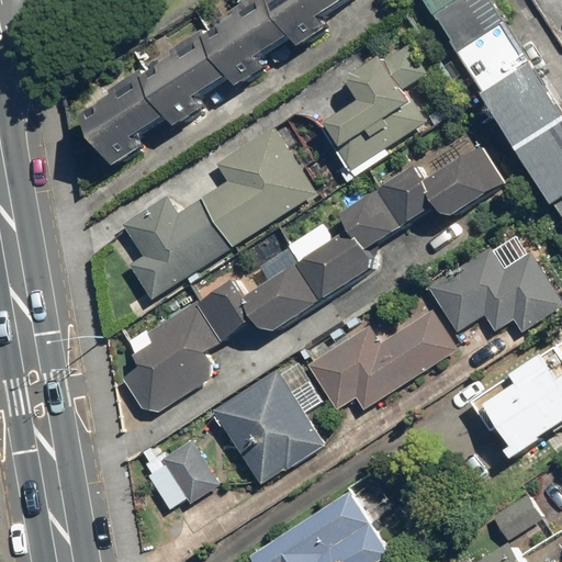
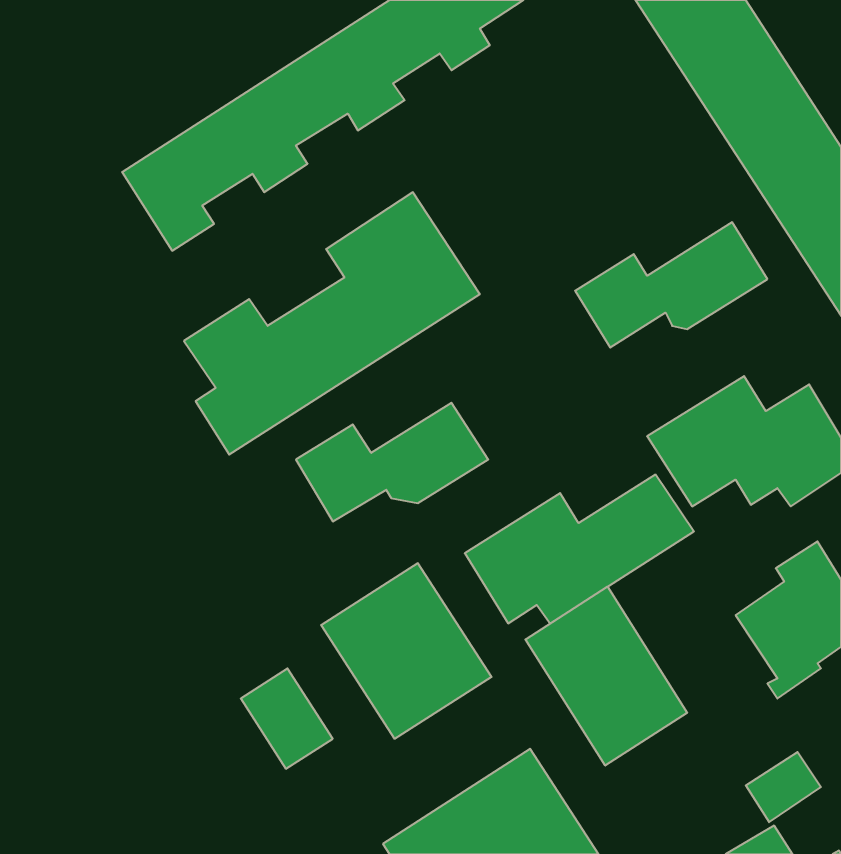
building: [323,44,425,171] -> none
building: [296,191,401,302] -> none
building: [122,302,218,417] -> none
building: none -> [525,587,687,766]

